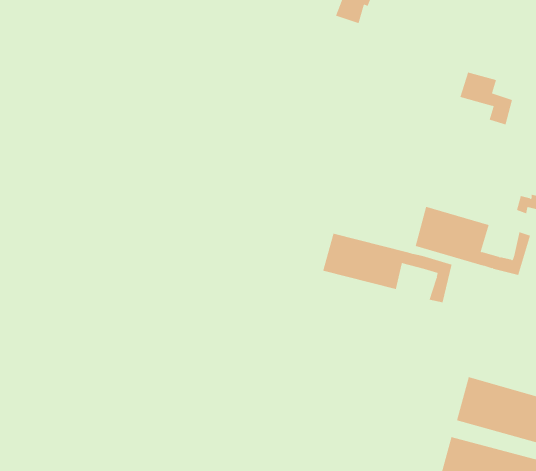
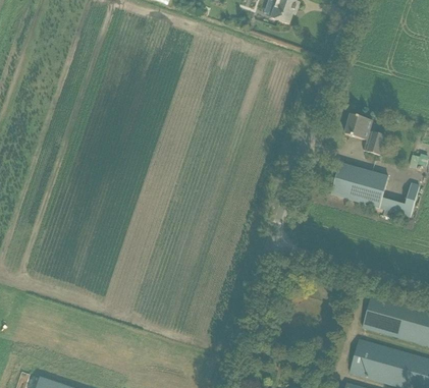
building: [459,72,513,125] -> [344,113,385,154]
building: [322,233,452,303] -> none

